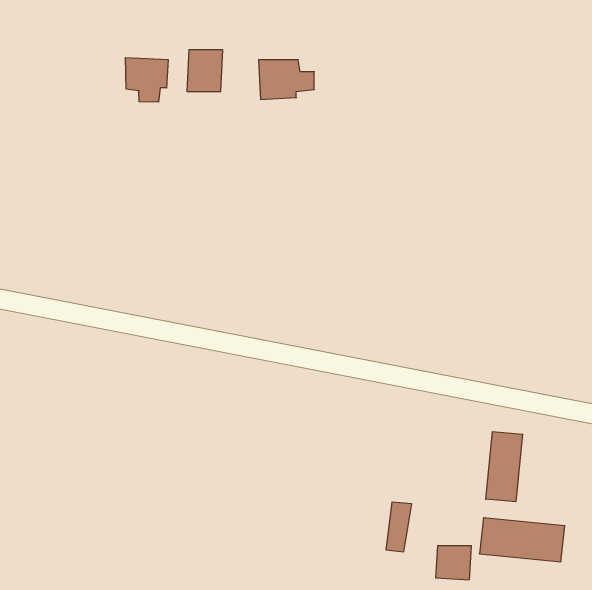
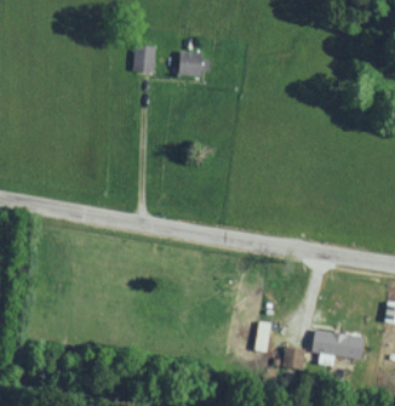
building: [126,58,168,102] -> none
building: [486,432,523,502] -> none

